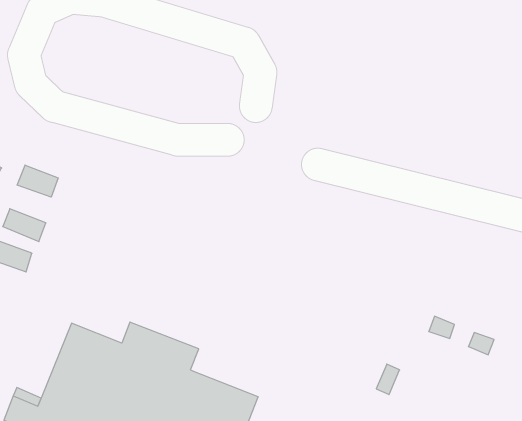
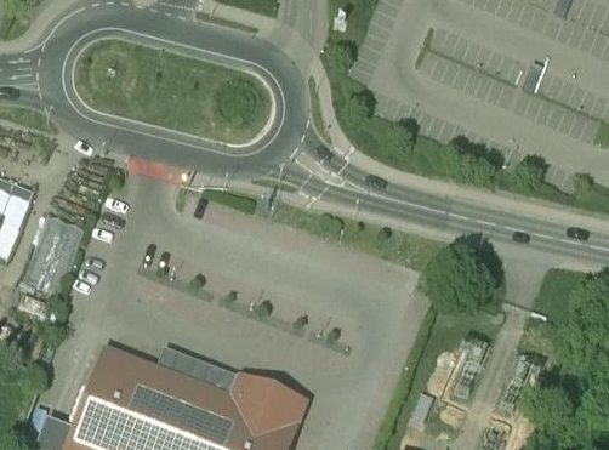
building: [17,165,58,197] -> none
building: none -> [227,374,303,422]

